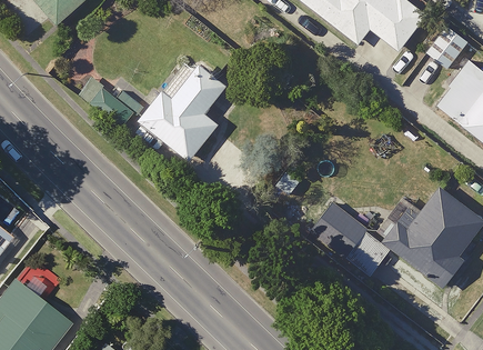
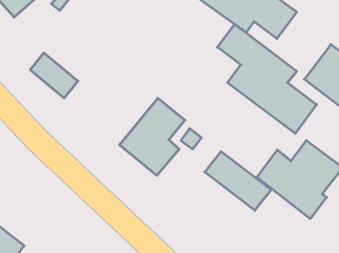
building: [426,24,471,70] -> none
building: none -> [217,24,317,133]
building: [140,60,225,161] -> [119,98,185,175]

